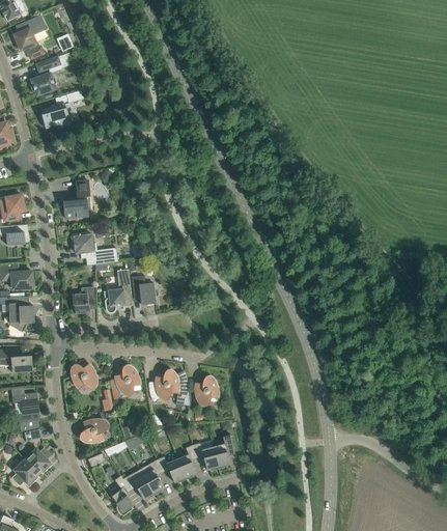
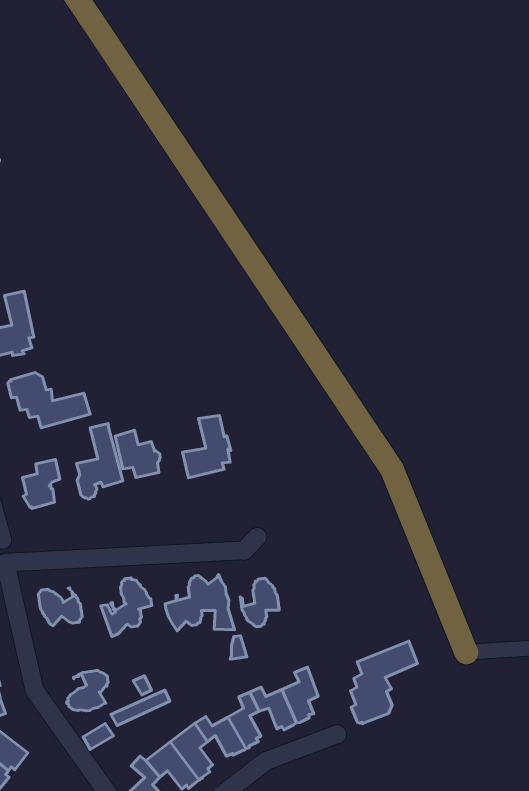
building: none -> [182,415,231,478]
building: none -> [350,641,417,724]

